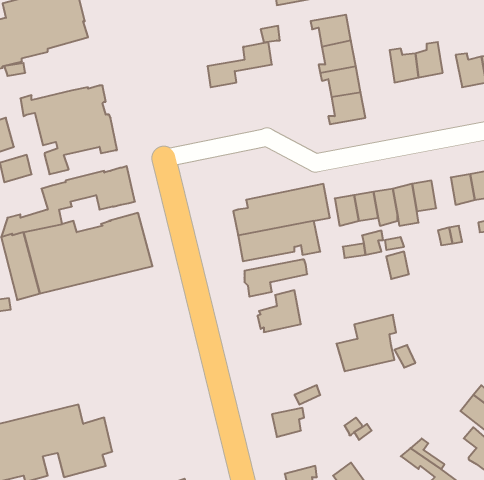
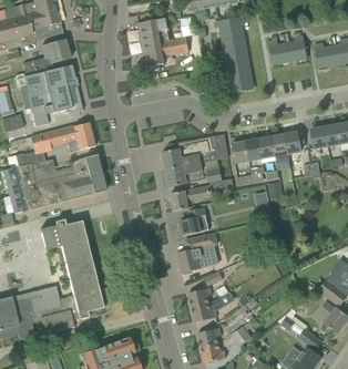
building: none -> [139,17,170,52]
building: none -> [23,39,70,71]
building: none -> [40,218,111,318]
building: [336,315,396,371] -> [176,233,217,271]
building: none -> [192,296,225,321]

